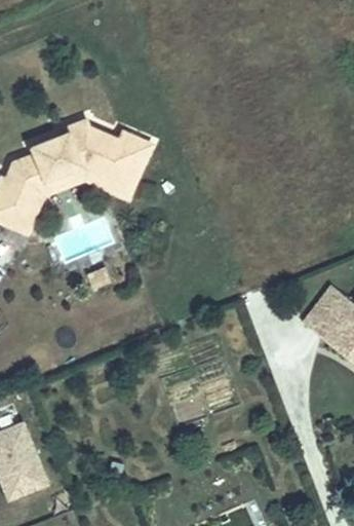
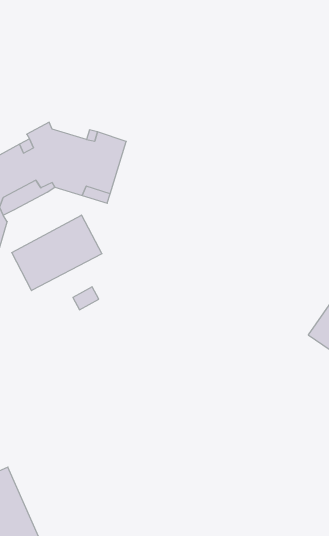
building: none -> [12,215,102,291]

